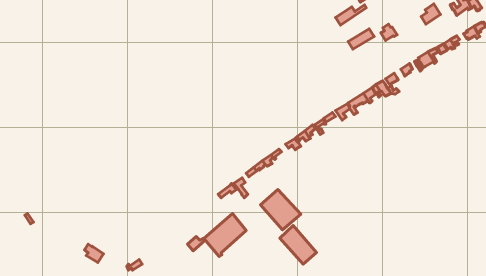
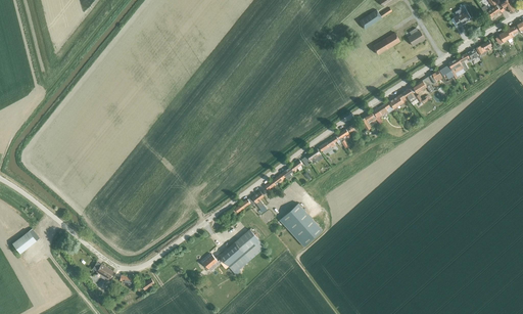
building: [280,225,317,264] -> none

